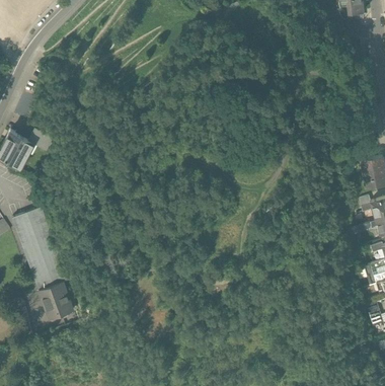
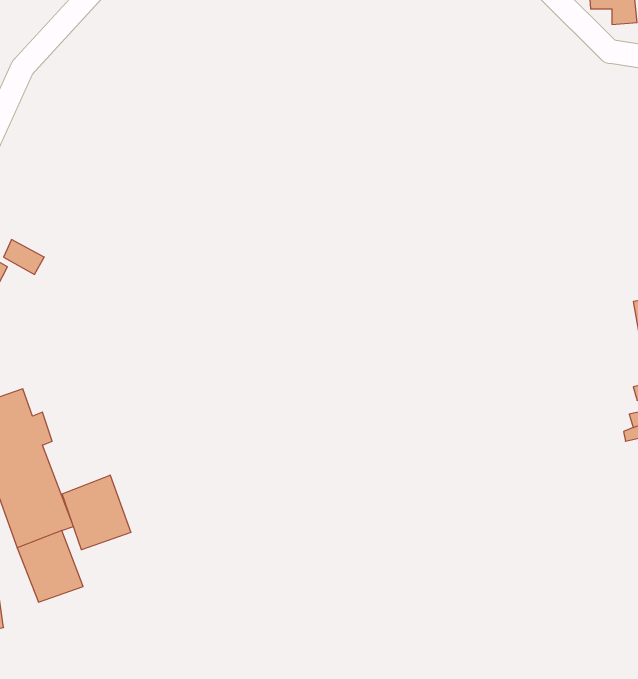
building: none -> [62,475,131,550]

